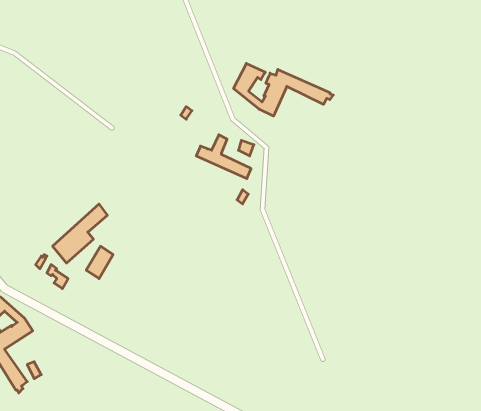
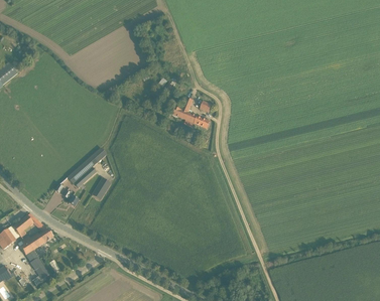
building: [234,63,333,116] -> none

